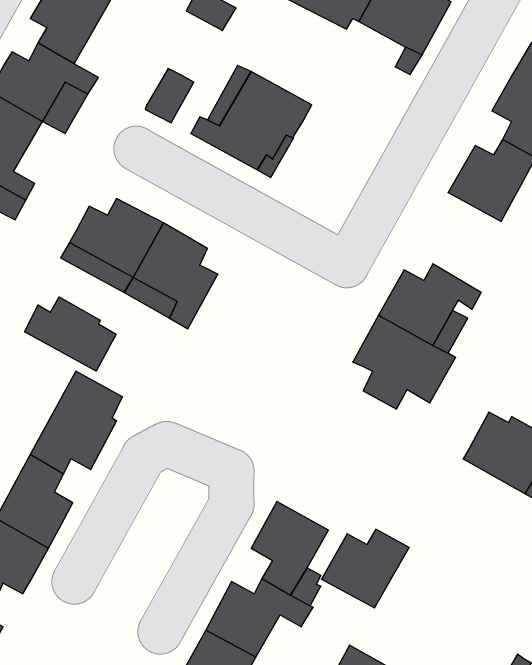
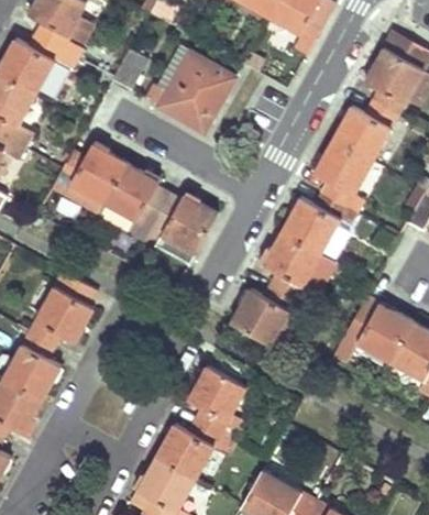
building: none -> [314,141,371,213]
building: none -> [143,195,216,252]
building: [25,297,116,371] -> none
building: [321,529,409,608] -> [231,285,295,342]

